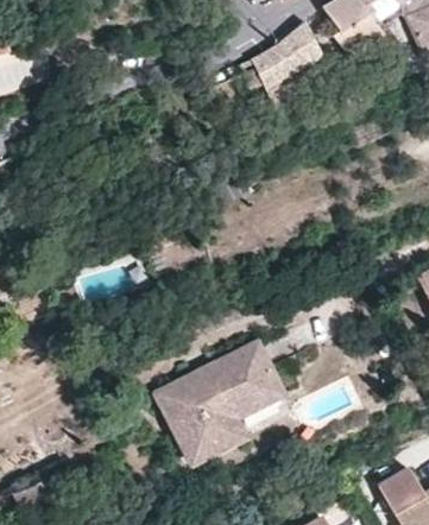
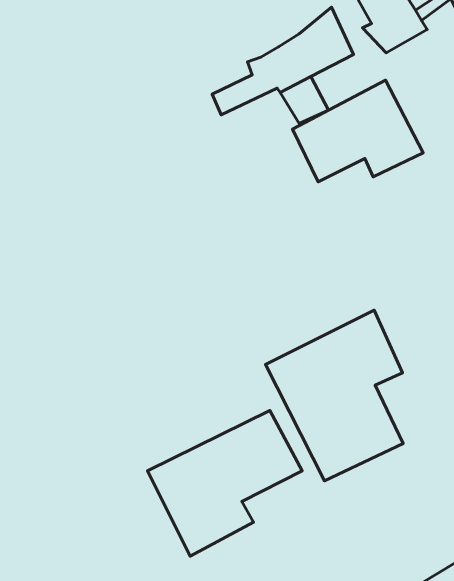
building: none -> [292,80,423,182]
building: none -> [265,310,403,481]

